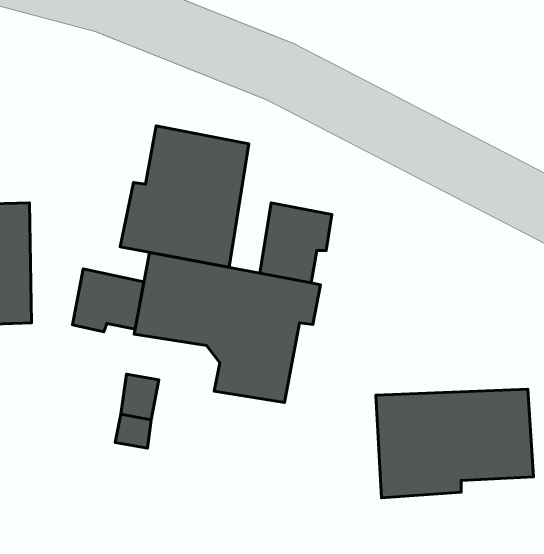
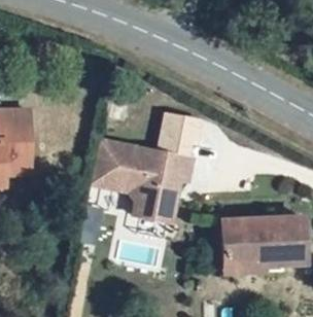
building: [120,126,249,267] -> none
building: [73,269,144,332] -> none

